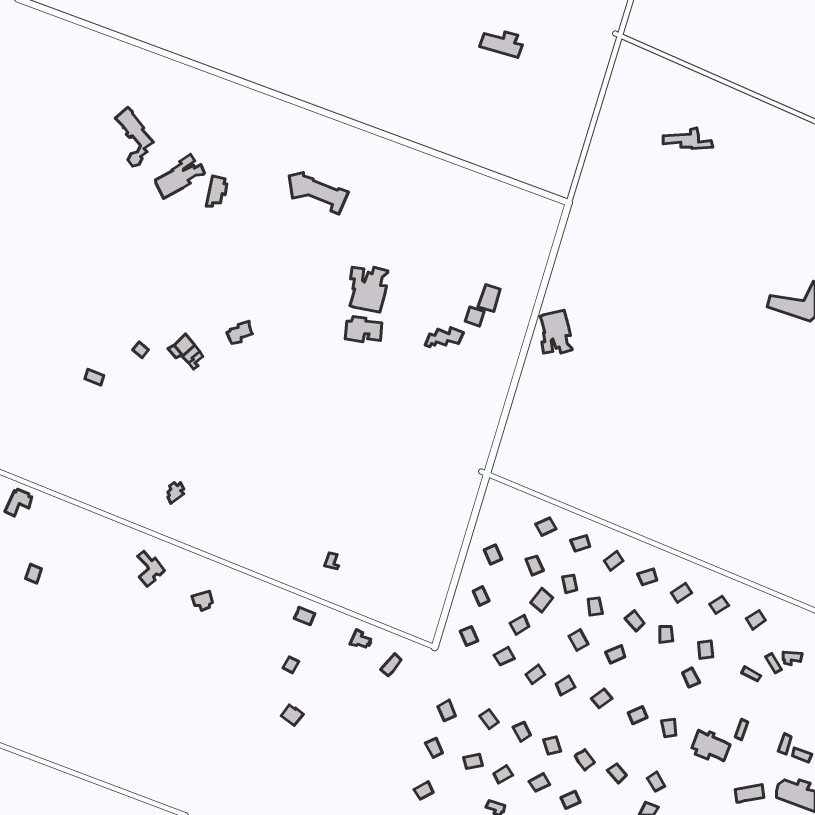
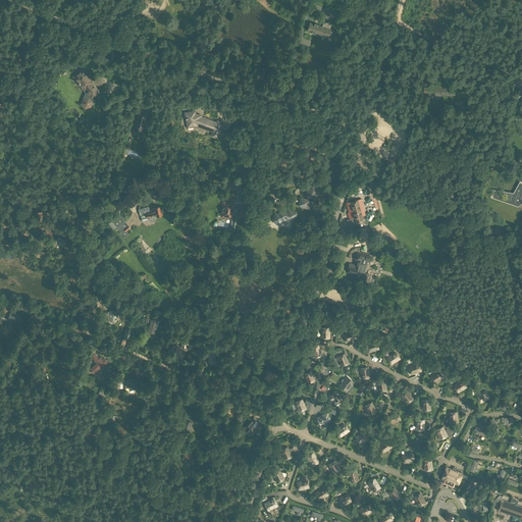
building: [155,154,205,198] -> none
building: [350,267,388,312] -> none
building: none -> [346,252,373,278]

